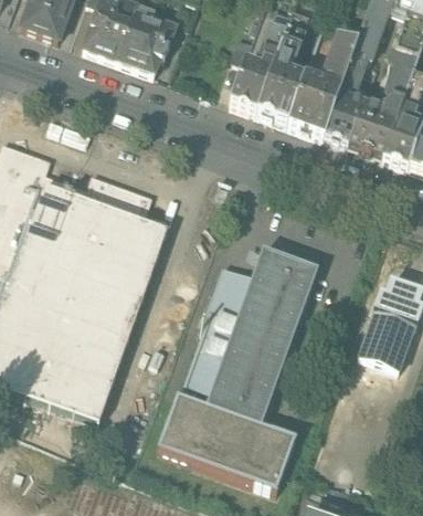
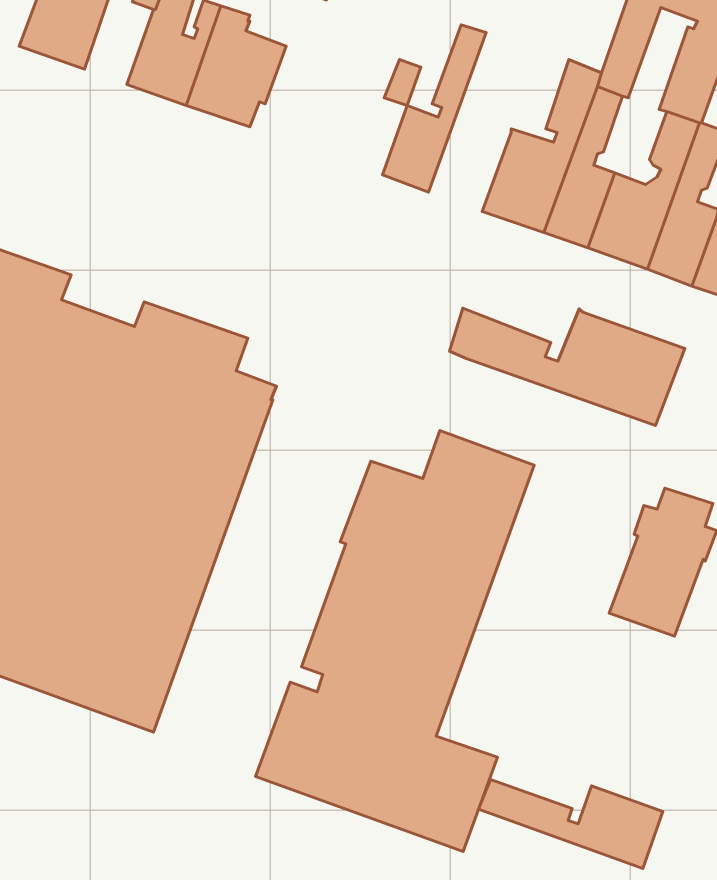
building: [256,15,306,122] -> none
building: none -> [450,308,685,426]
building: none -> [479,780,663,869]

